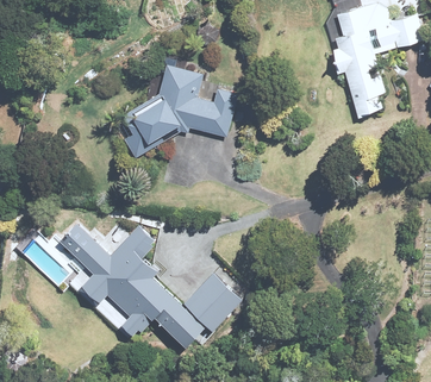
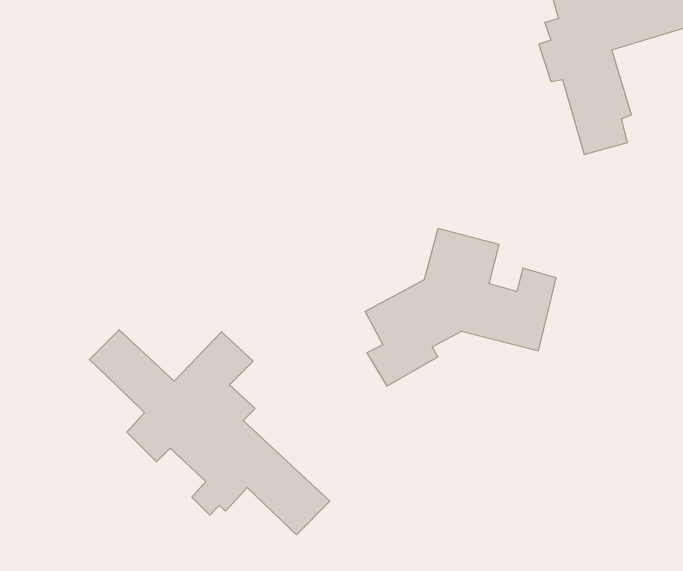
building: [121,64,237,159] -> [365,229,556,386]
building: [182,274,241,332] -> none

